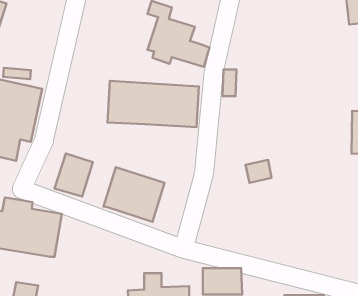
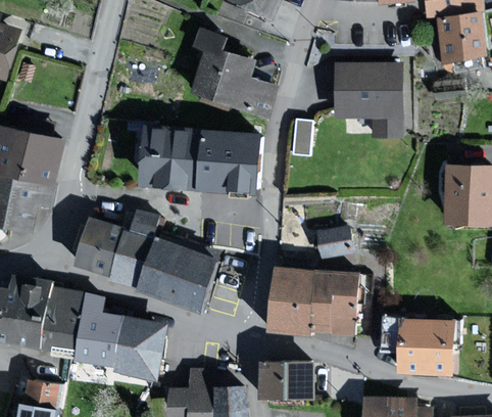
building: none -> [338,66,397,135]
building: none -> [111,213,156,286]
building: none -> [276,267,356,331]
building: none -> [77,295,162,376]
building: none -> [382,318,453,371]

